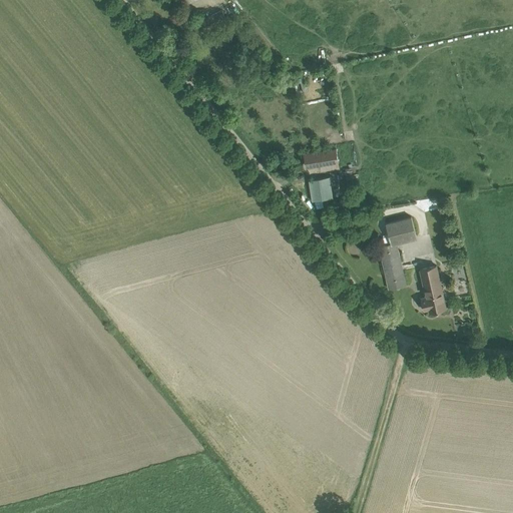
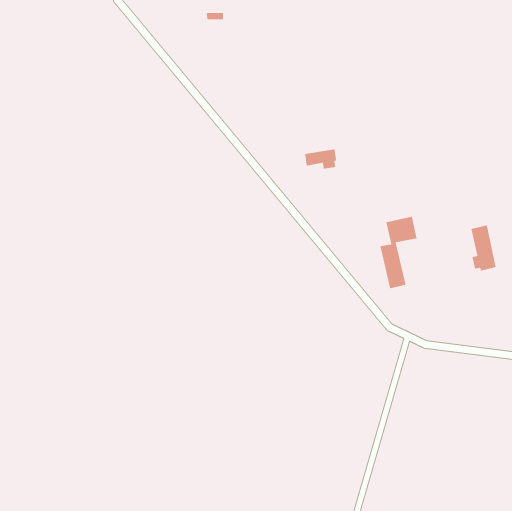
building: [309,179,332,202] -> none
building: [419,267,445,314] -> [471,224,497,272]

